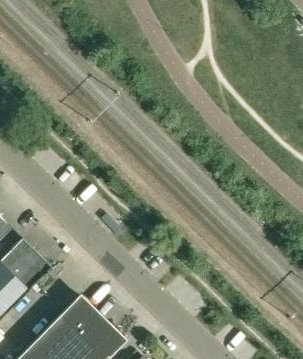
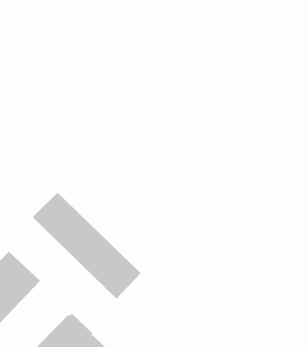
building: none -> [32,192,142,299]

